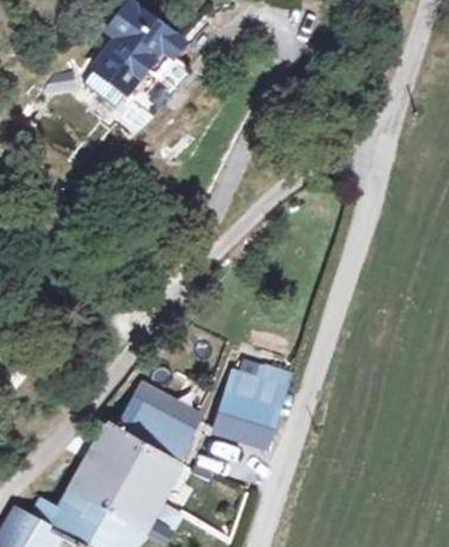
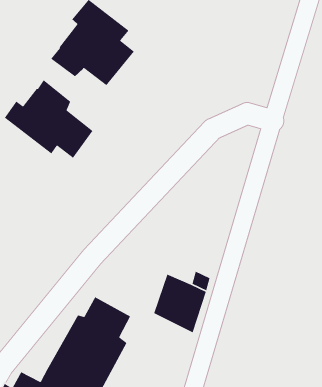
building: none -> [4,79,93,159]

